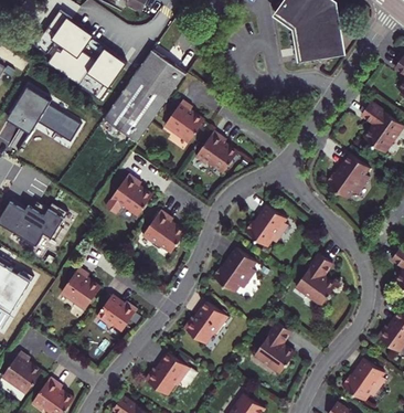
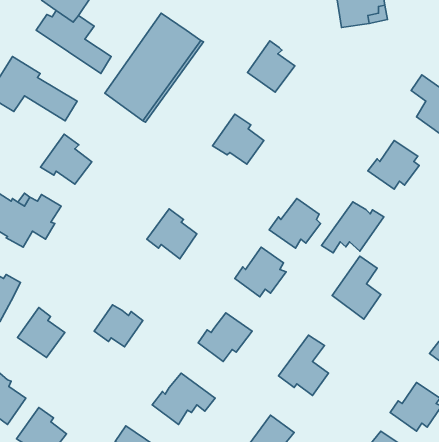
building: [87,47,126,86] -> none
building: [163,100,203,144] -> [248,41,295,92]
building: [105,176,148,218] -> [41,134,92,184]
building: none -> [322,202,384,253]
building: [60,266,99,308] -> [18,307,65,357]

